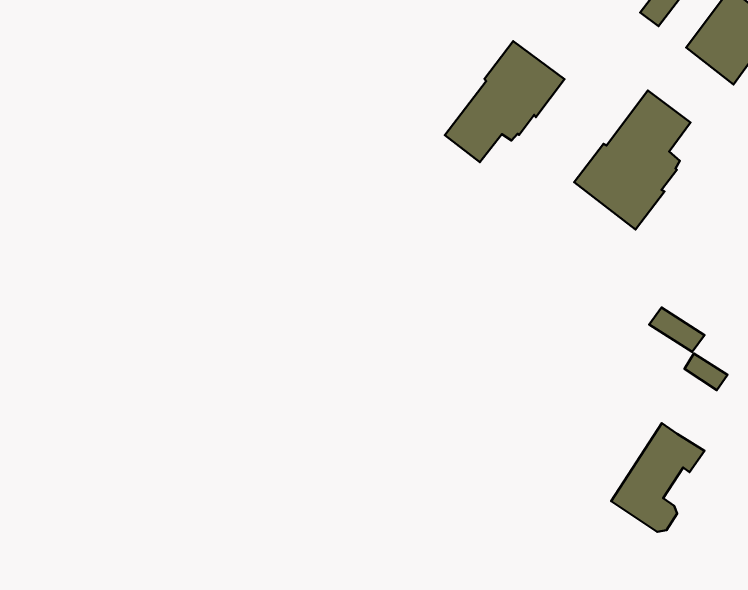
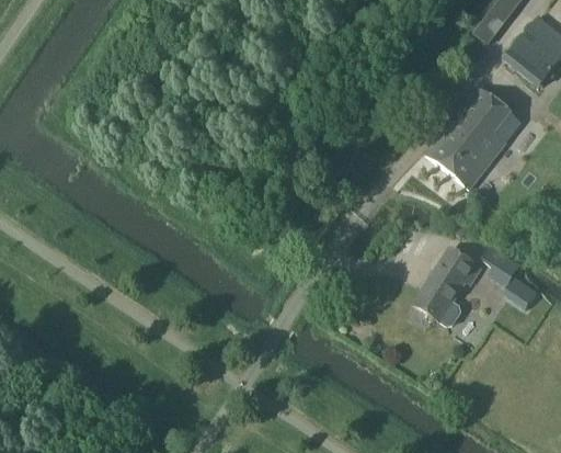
building: [445,41,565,162] -> none
building: [611,423,705,532] -> [414,248,481,326]

